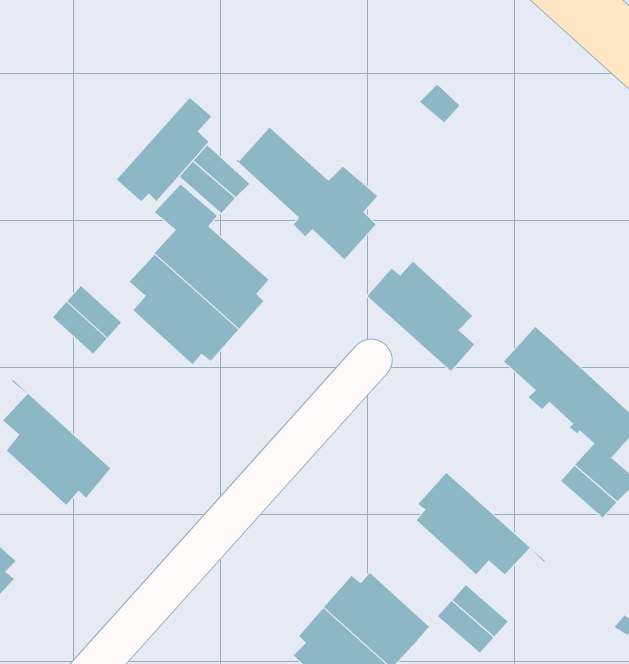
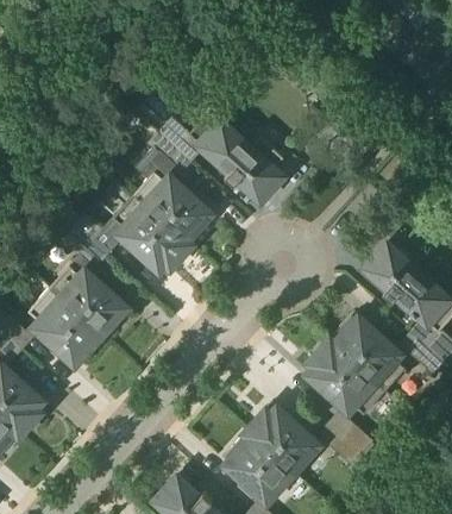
building: [116,82,212,202] -> none
building: [366,261,475,385] -> [328,318,401,401]
building: none -> [39,270,126,339]

